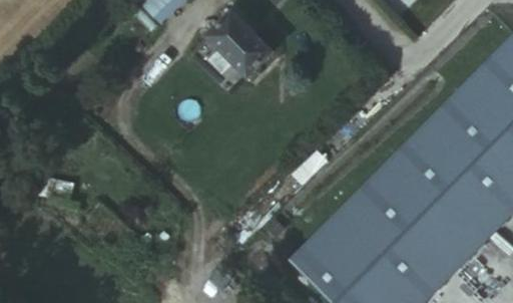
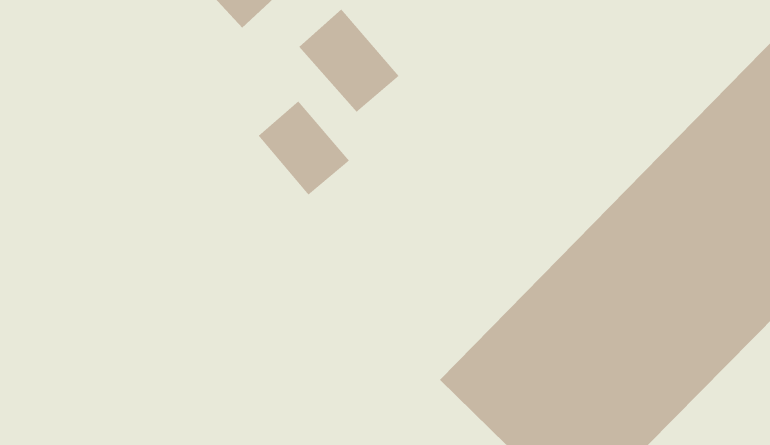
building: none -> [258,101,350,195]

